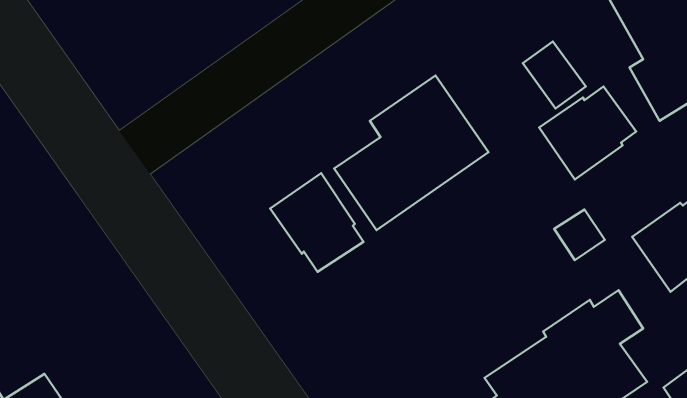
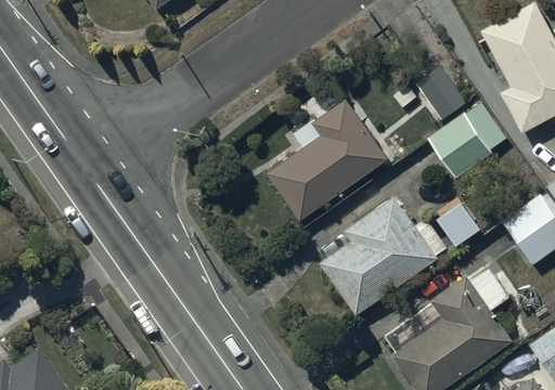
building: [270,173,363,272] -> none
building: none -> [319,193,447,316]

